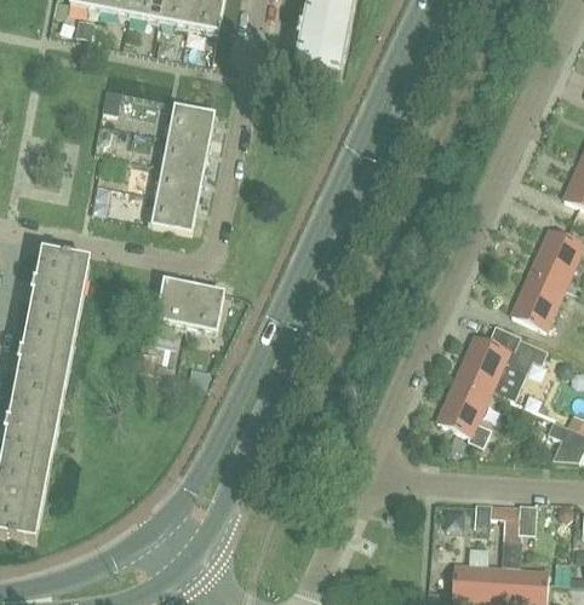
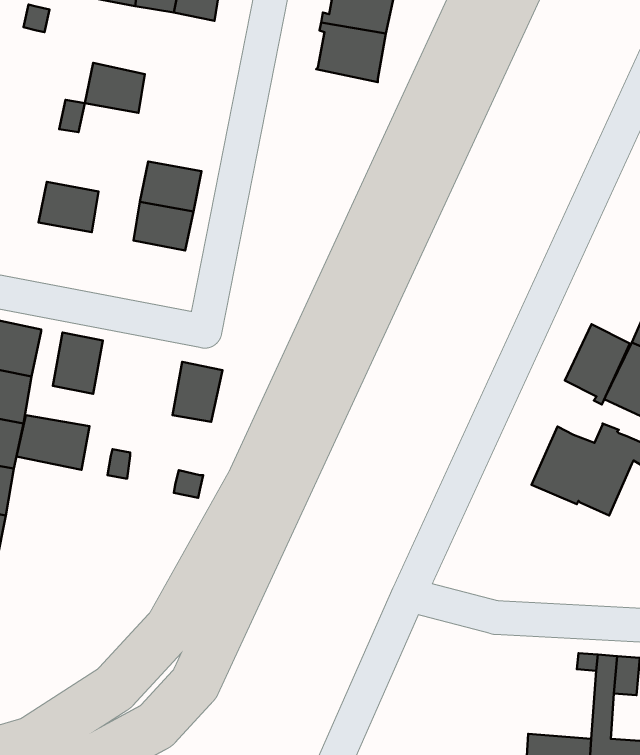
building: [168,104,213,142] -> [85,63,145,113]
building: [151,194,196,231] -> [39,182,98,232]
building: none -> [565,324,630,405]
building: [156,278,194,324] -> [53,332,103,394]
building: none -> [16,415,90,470]
building: [436,376,491,445] -> none

